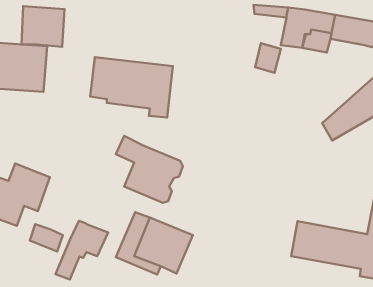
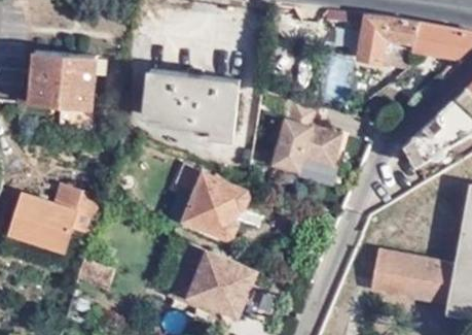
building: [21,6,65,47] -> none
building: none -> [267,95,343,172]
building: [55,221,108,280] -> none

